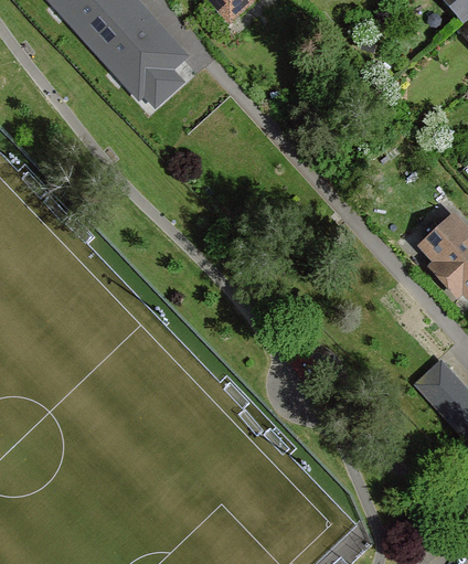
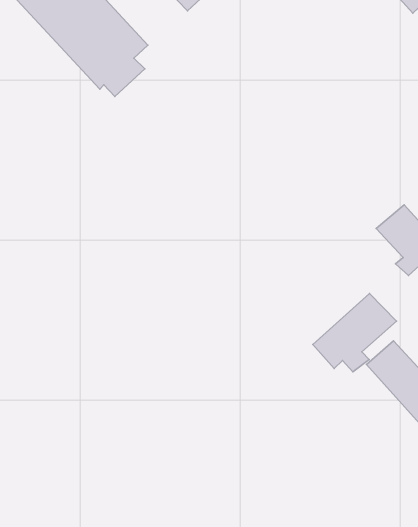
building: none -> [313,293,397,372]

